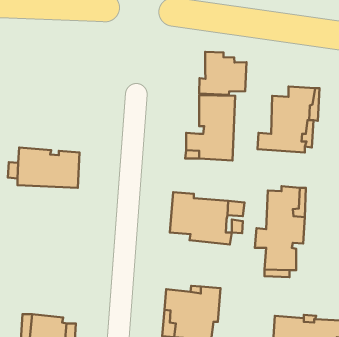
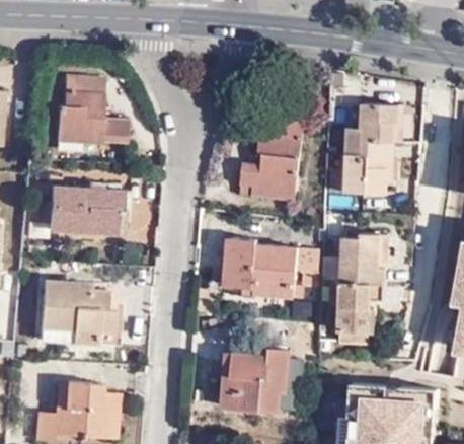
building: [199,52,247,95] -> none
building: none -> [54,76,124,144]
building: none -> [40,280,113,344]

